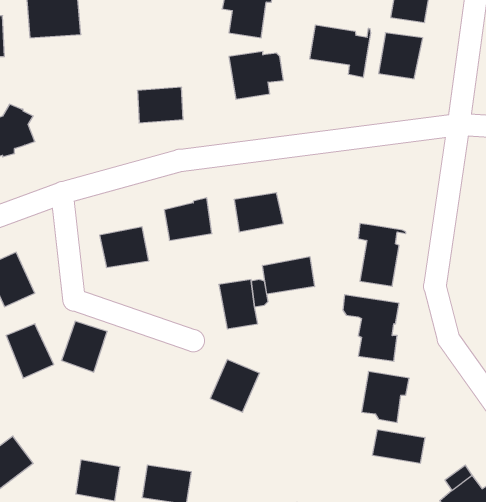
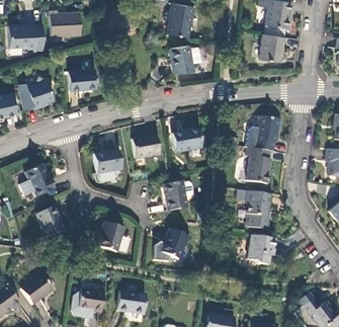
building: [310,25,370,78] -> none
building: [137,87,183,123] -> [69,68,96,89]
building: none -> [246,117,280,151]
building: [263,257,315,294] -> none
building: [61,321,107,372] -> [97,222,124,252]
building: [373,430,425,463] -> none

